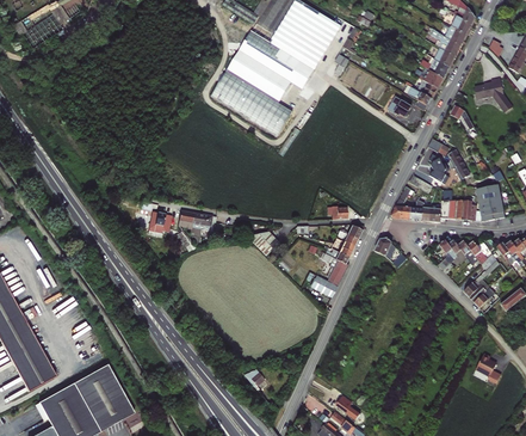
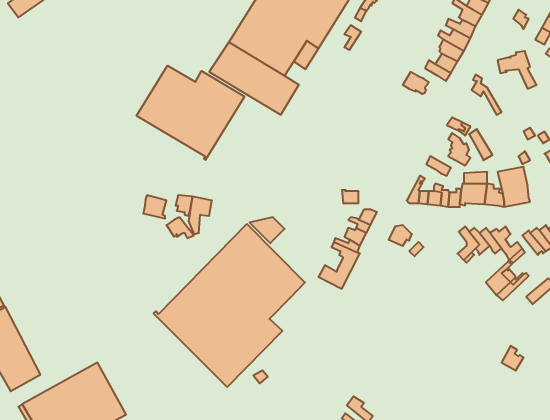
building: none -> [137,66,244,160]
building: none -> [154,224,305,387]

